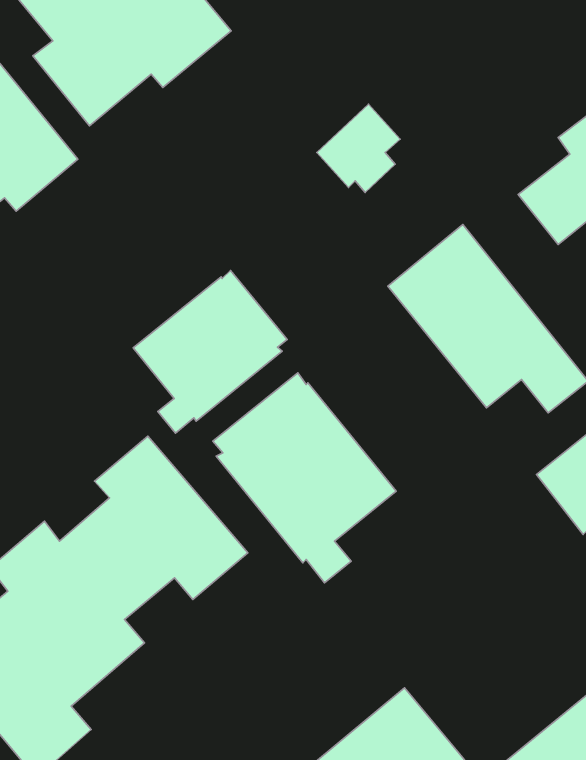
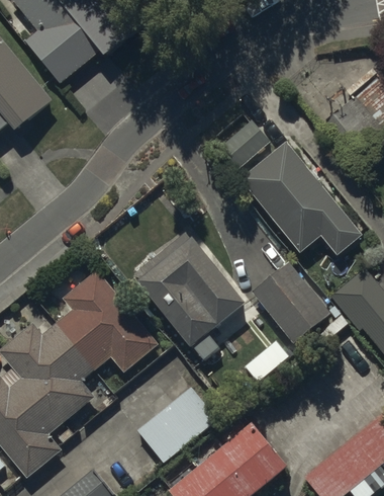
building: [317,104,400,193] -> [219,117,270,171]
building: [133,271,287,433] -> none
building: none -> [250,258,330,341]
building: none -> [136,386,216,463]

